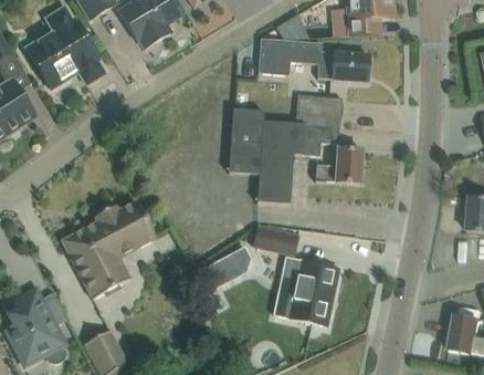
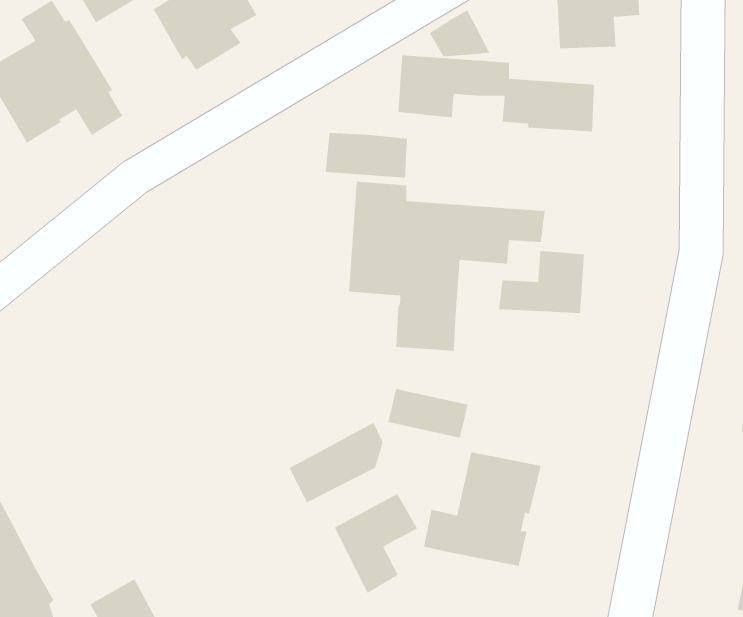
building: [295,93,341,118] -> [325,133,408,178]
building: [61,199,156,299] -> none
building: none -> [334,493,418,594]

